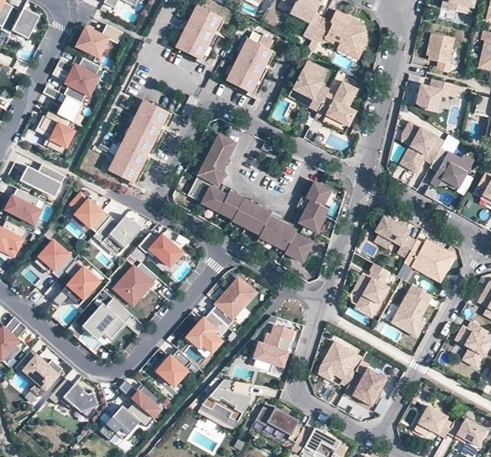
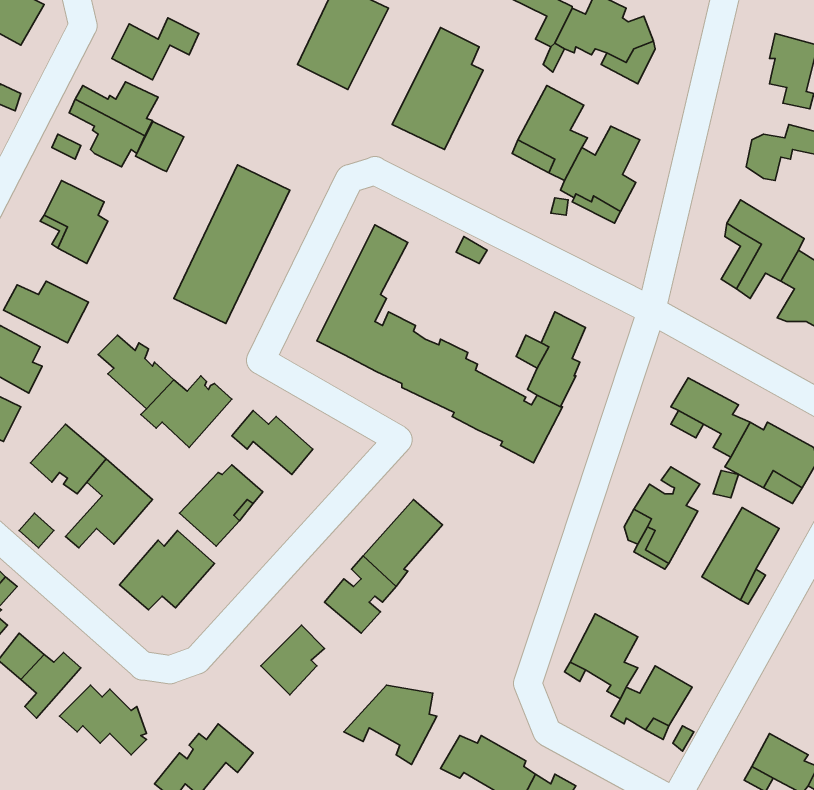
building: [58,96,84,123] -> [136,121,184,172]
building: [254,324,294,374] -> none
building: [119,381,159,416] -> none

